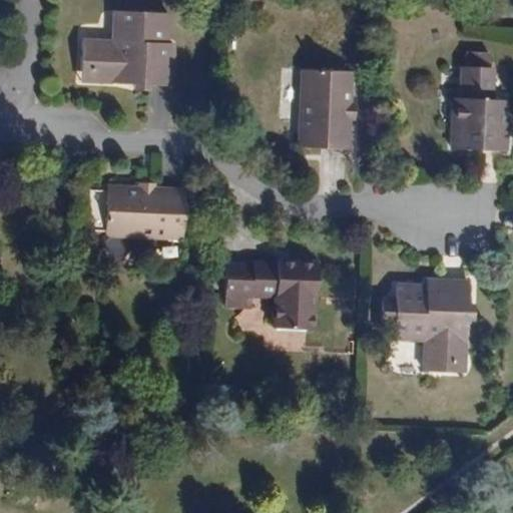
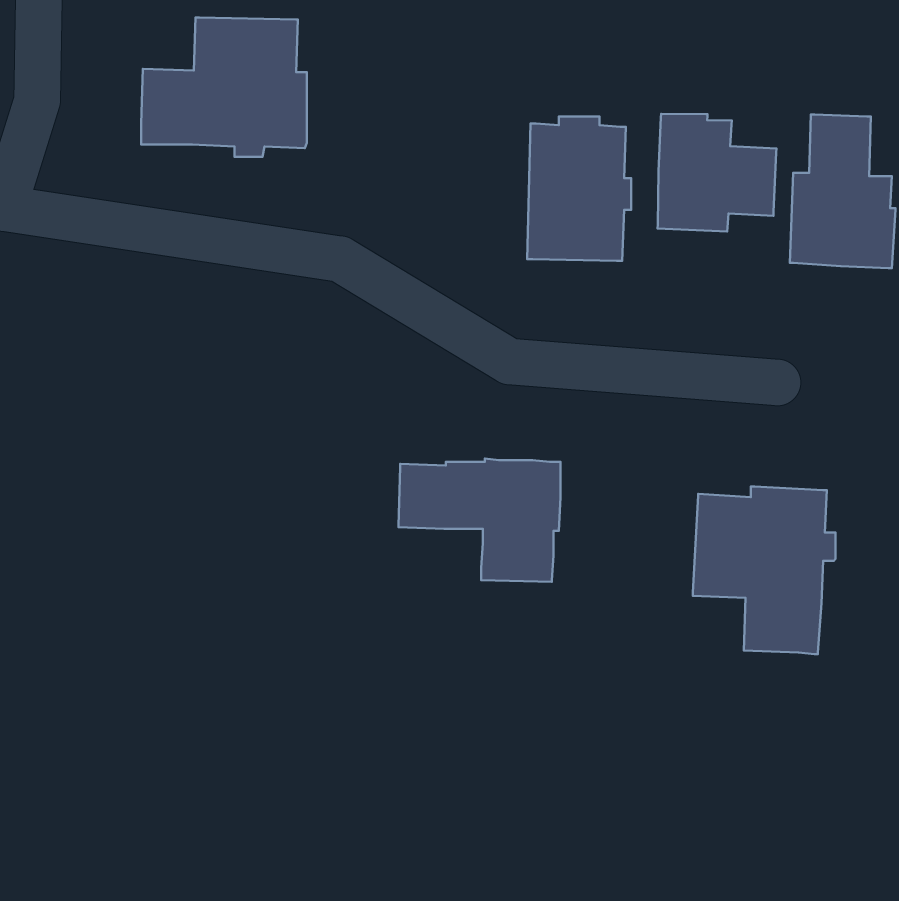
building: none -> [658,114,776,231]
building: [103,181,185,240] -> none

